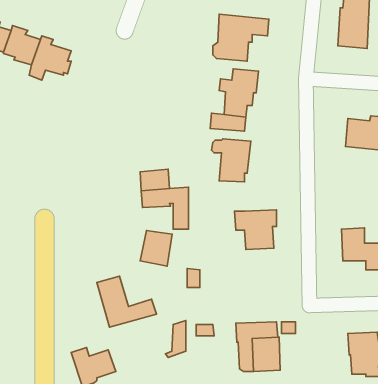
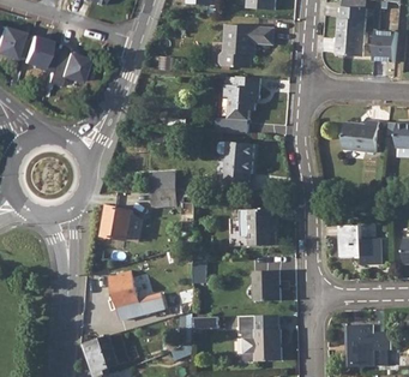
building: [140,230,172,266] -> [103,207,133,240]
building: none -> [253,270,281,301]

